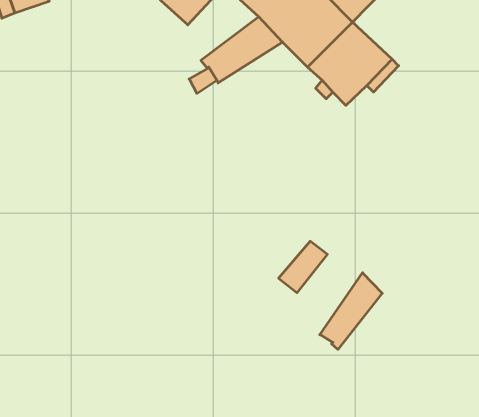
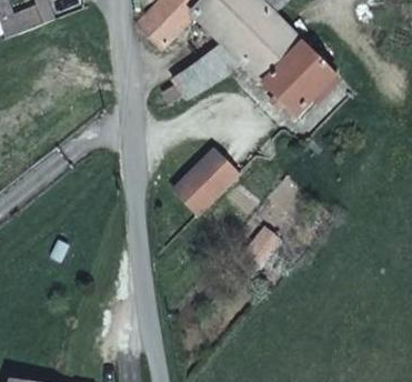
building: none -> [174,149,238,213]
building: [320,273,382,349] -> none

